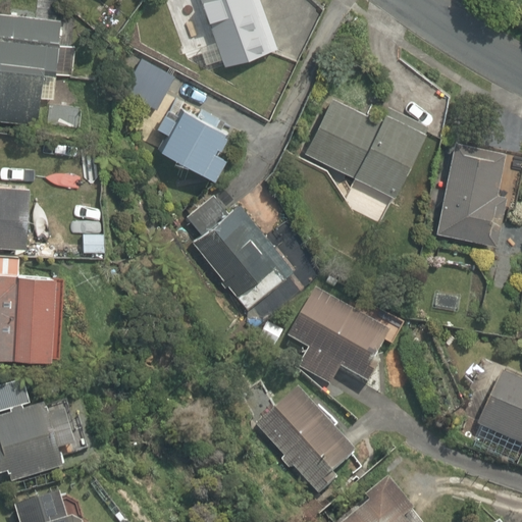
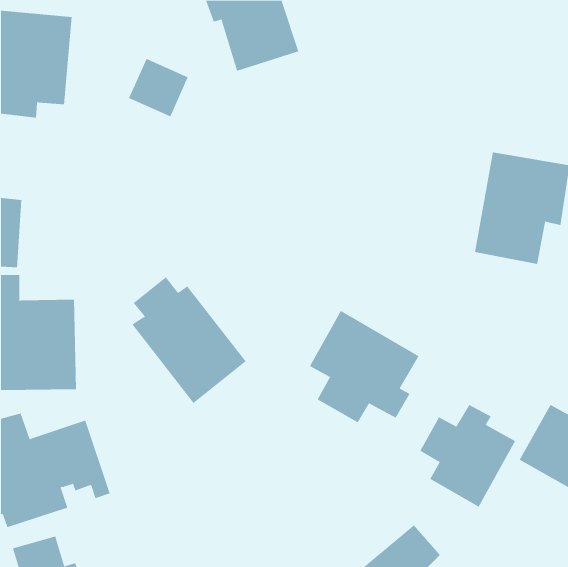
building: [304,100,429,198] -> none
building: [155,105,225,177] -> none
building: [188,197,293,313] -> [132,276,247,404]
building: none -> [419,404,516,507]
building: [251,387,349,503] -> none

